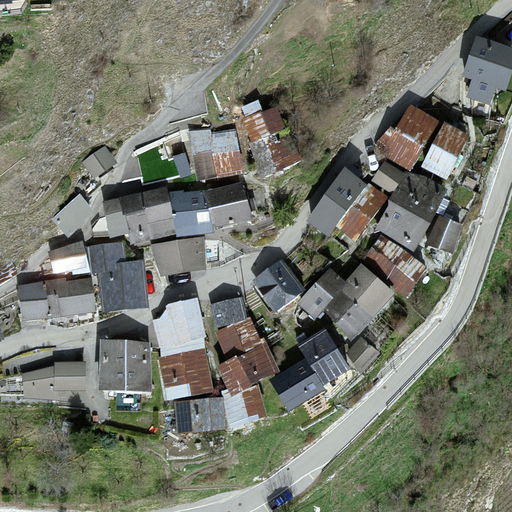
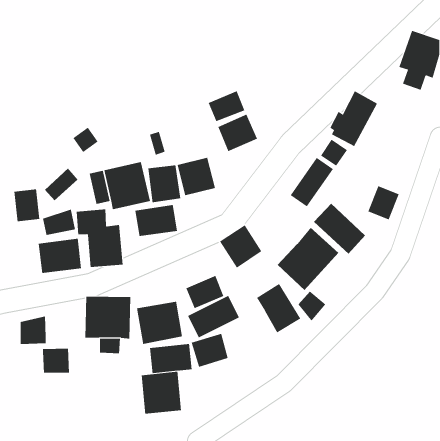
building: [420,122,469,180] -> none
building: [189,129,243,180] -> none
building: [307,168,366,236] -> none
building: [375,172,445,249] -> none
building: [296,268,344,317] -> none
building: [17,282,48,320] -> [13,189,40,222]
building: [153,298,204,348] -> none
building: [209,298,247,328] -> none
building: [270,360,324,411] -> none
building: [53,362,85,391] -> [42,348,70,373]
building: none -> [141,371,182,415]

